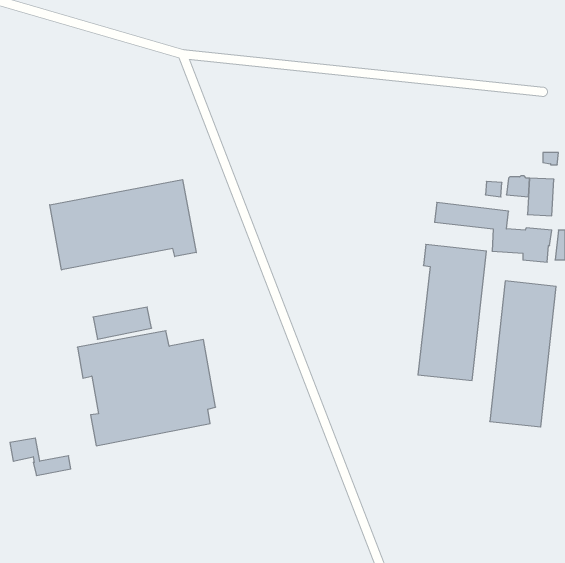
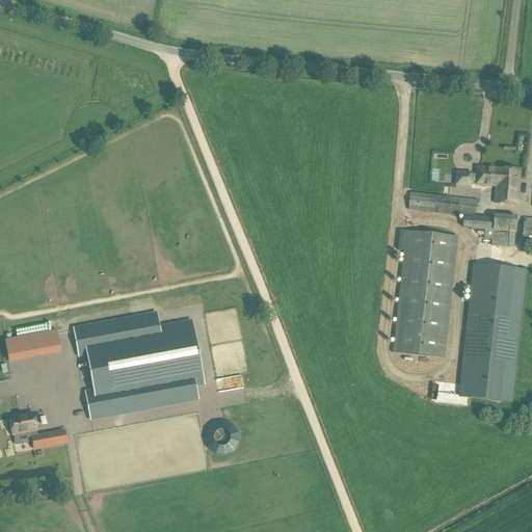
building: [50,180,196,270] -> none
building: [93,307,152,339] -> [5,329,60,360]

